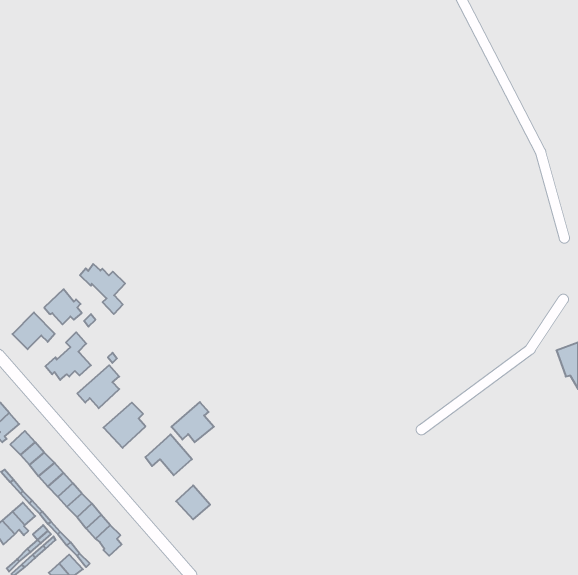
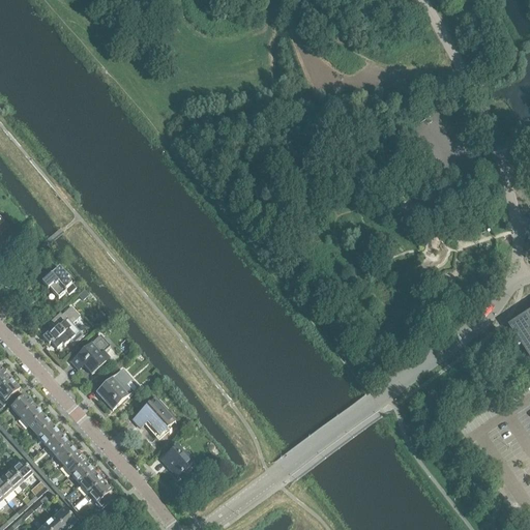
building: [80,264,125,314] -> none
building: [12,312,55,349] -> none
building: [171,402,214,442] -> none

